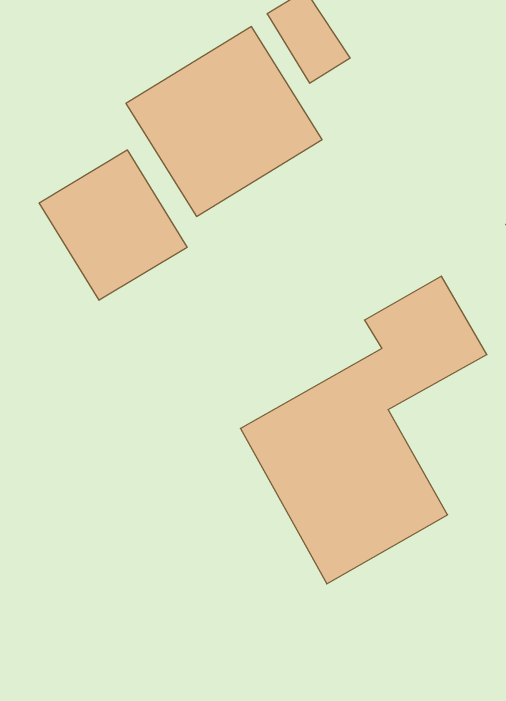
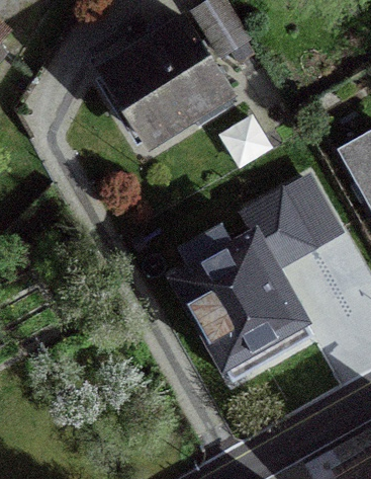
building: [39,150,187,300] -> none

